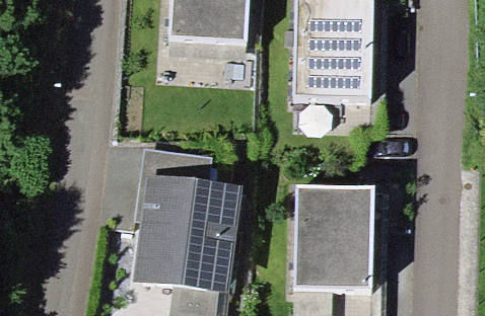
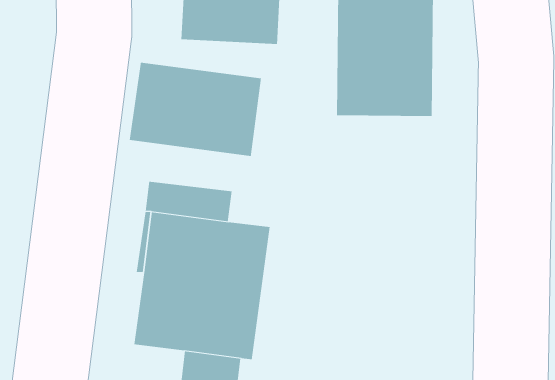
building: none -> [129,62,261,157]
building: [295,186,373,290] -> none

